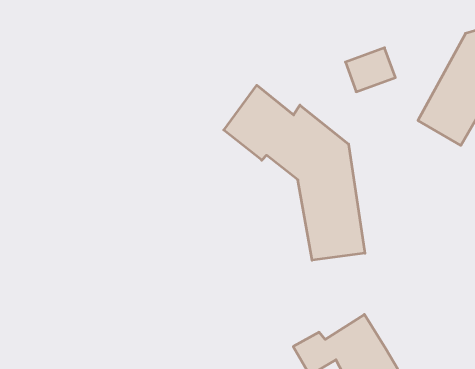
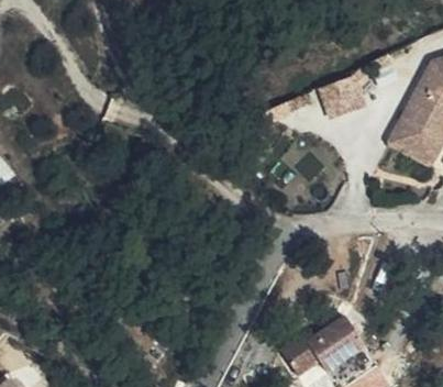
building: [224,85,365,260] -> none

